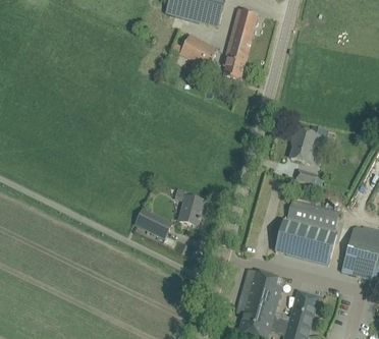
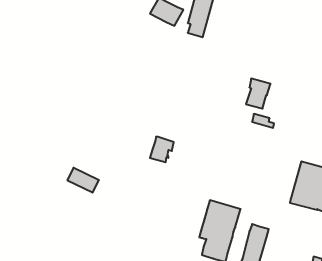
building: [274,200,338,264] -> none
building: [134,208,171,236] -> [67,168,99,193]

